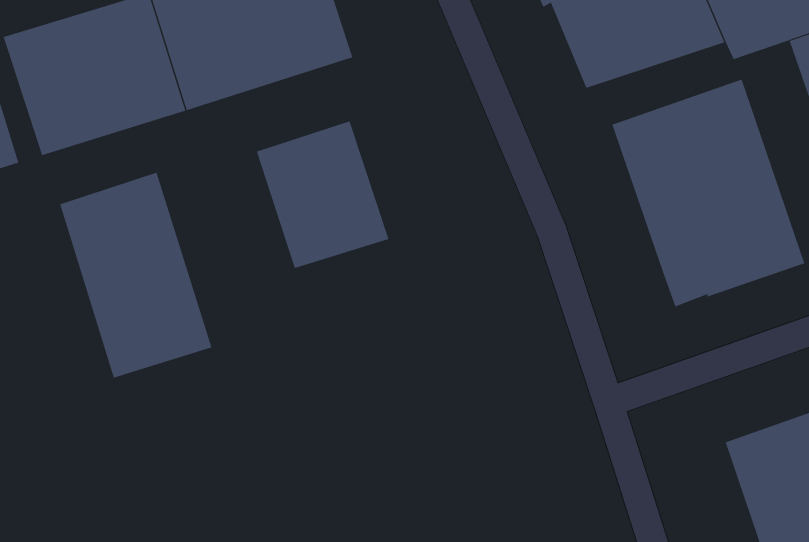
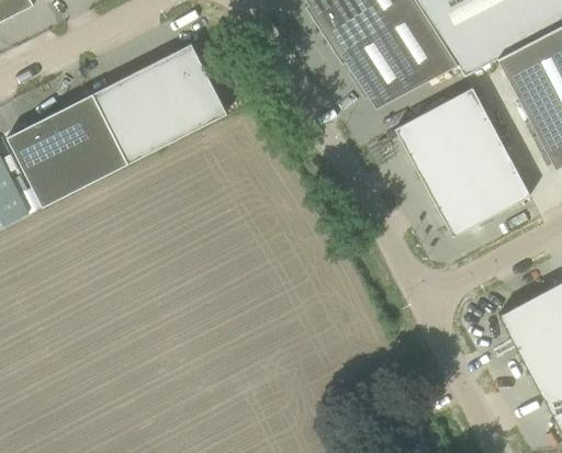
building: [256,121,389,269] -> none
building: [60,172,212,378] -> none

